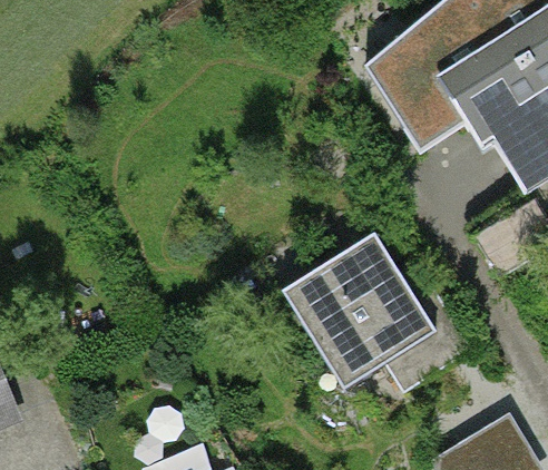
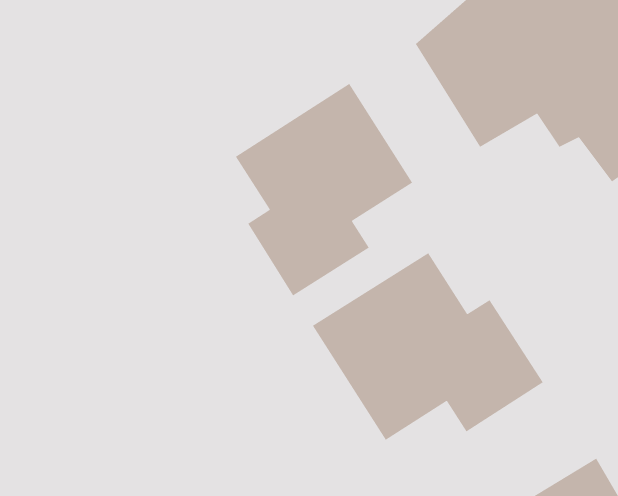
building: none -> [235,83,413,297]

